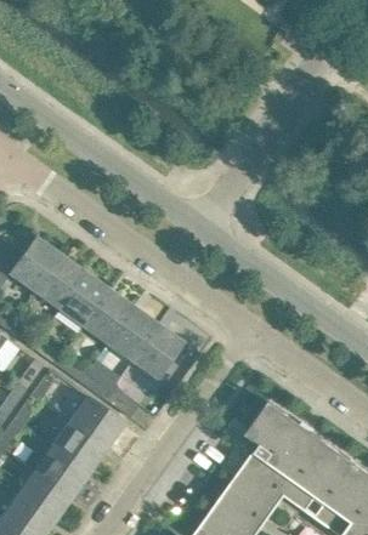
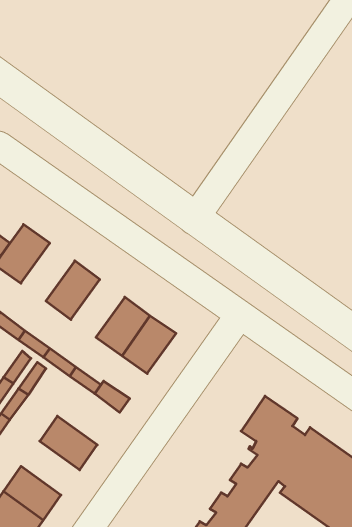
building: [33,254,85,309] -> none
building: [81,289,134,345] -> none
building: [68,395,125,449] -> none
building: [33,445,90,497] -> none

